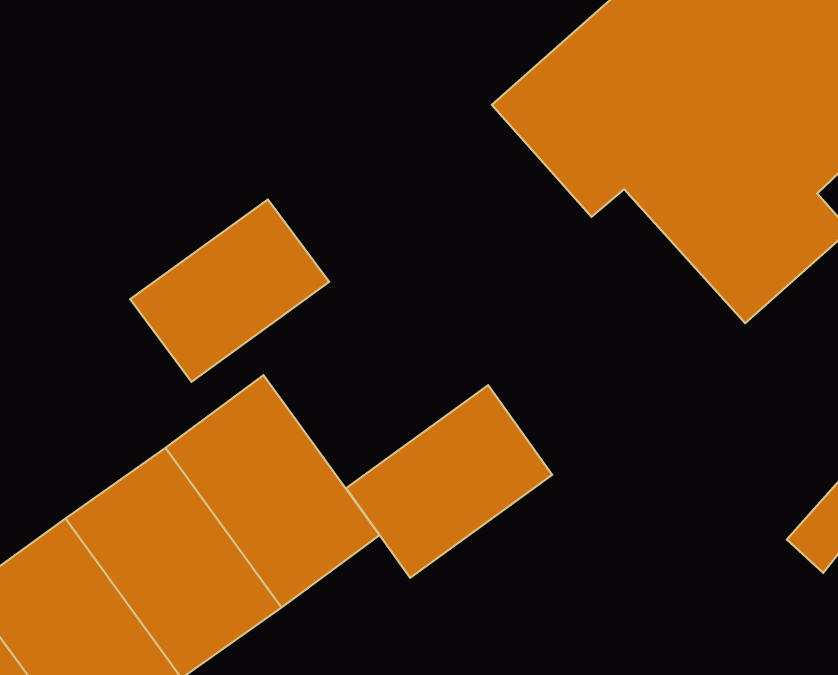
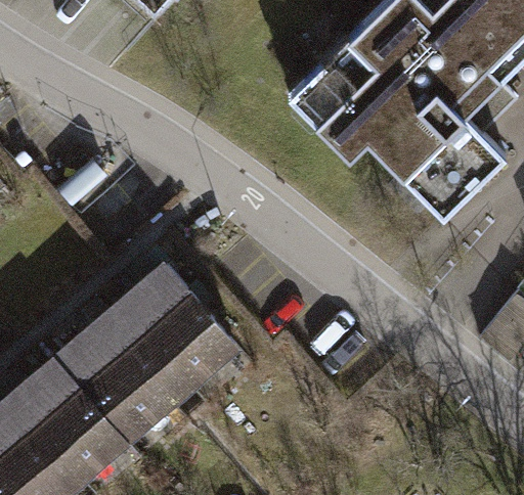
building: [130,199,329,382] -> none
building: [346,385,552,578] -> none

